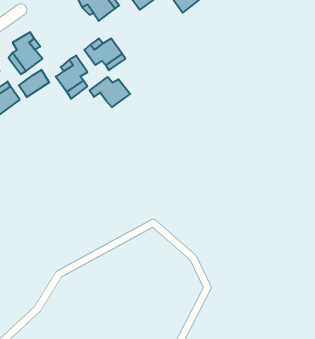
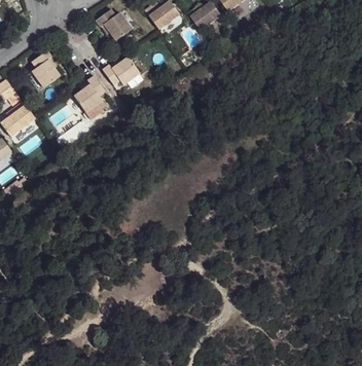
building: [19,70,49,97] -> none
building: [90,77,130,107] -> none

